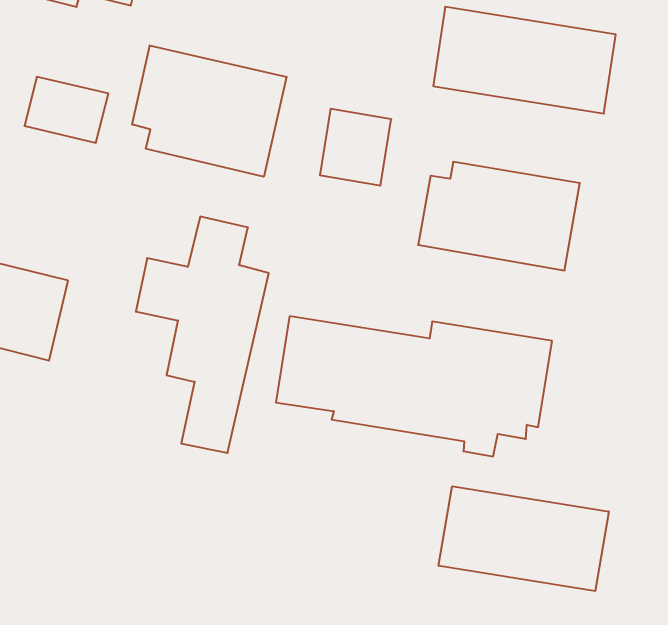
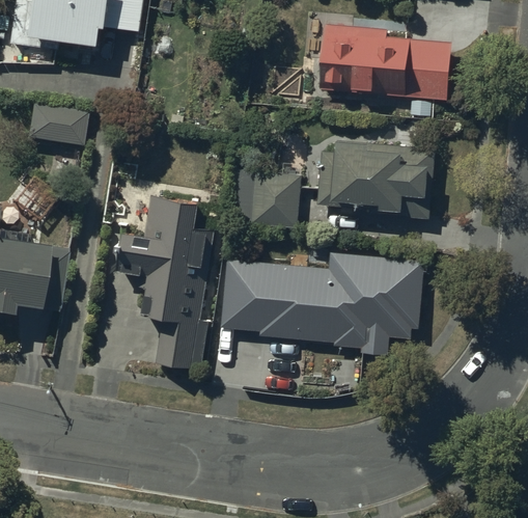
building: [132,45,287,177] -> none
building: [320,109,391,186] -> [251,171,300,224]
building: [439,486,609,591] -> none

